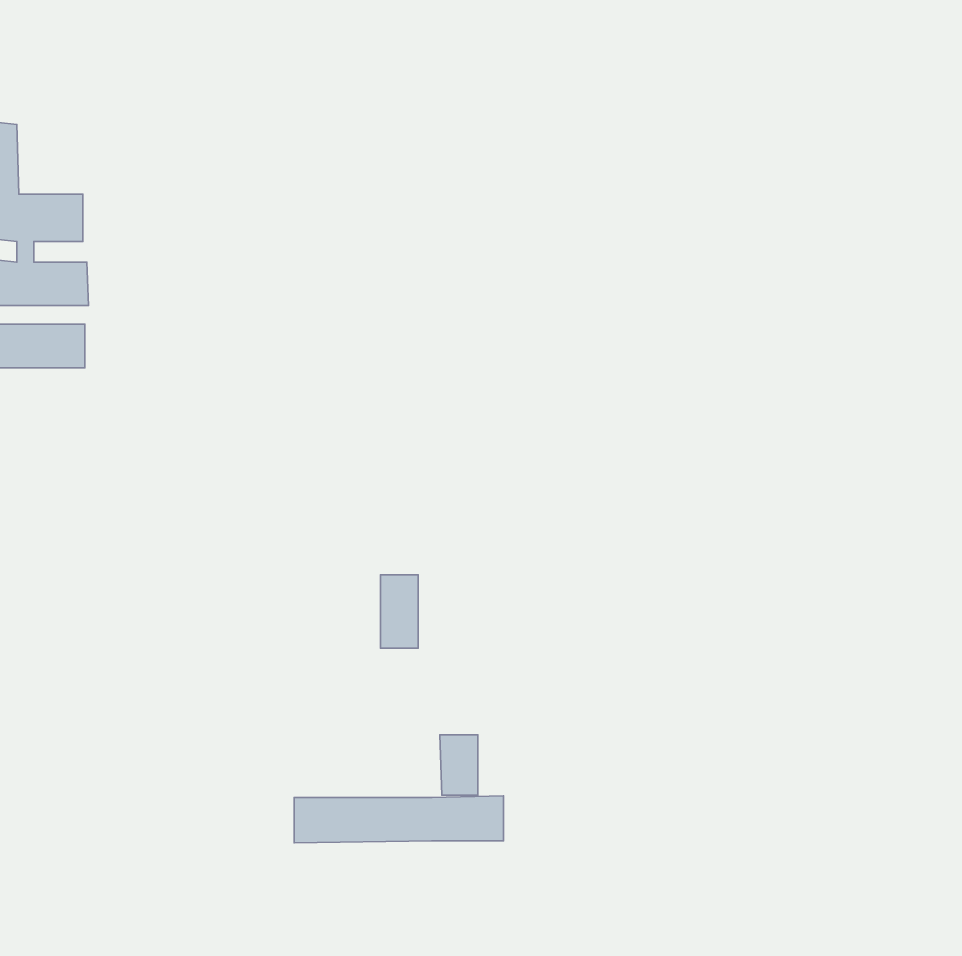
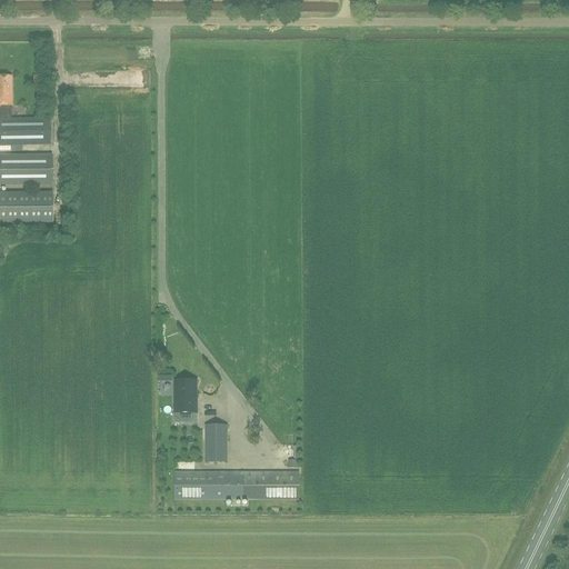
building: [380,575,418,648] -> [173,376,196,419]
building: [440,735,478,795] -> [203,422,226,458]

